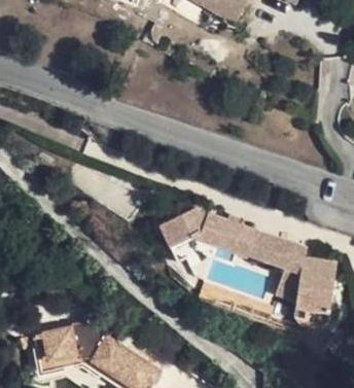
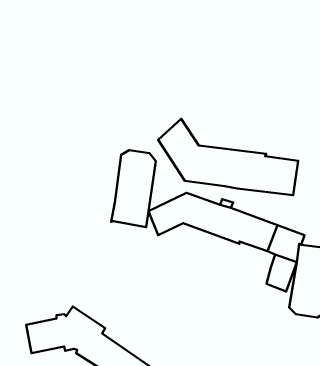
building: none -> [158,119,298,195]
building: none -> [111,150,156,227]

